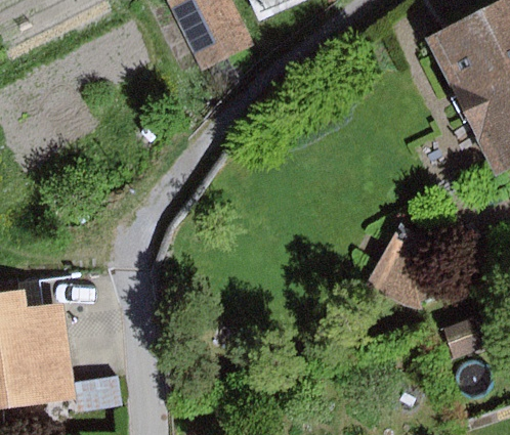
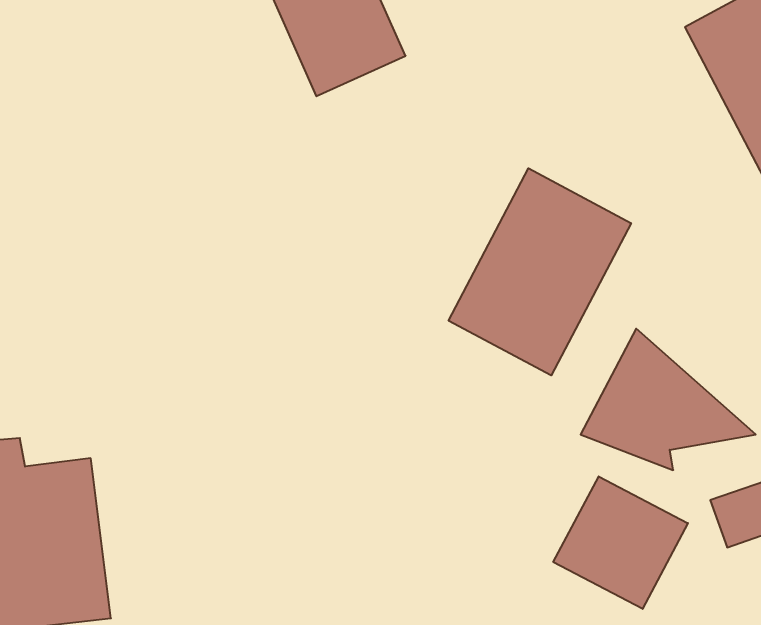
building: none -> [449,168,631,375]
building: none -> [553,476,688,609]

